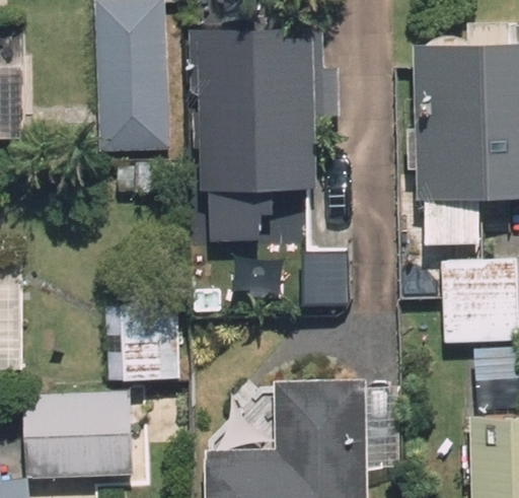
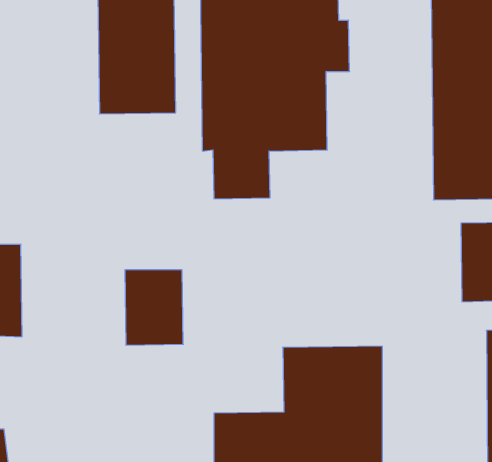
building: [30,397,134,478] -> none

